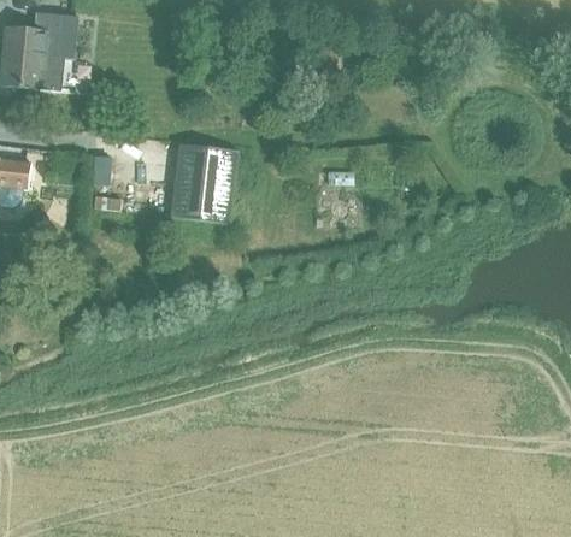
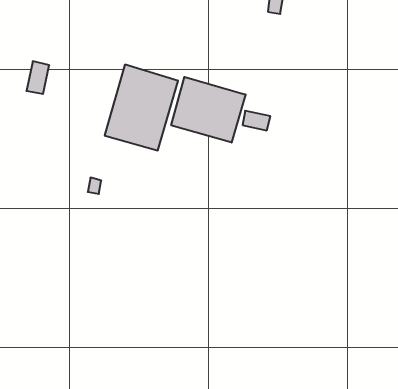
building: none -> [171,77,246,143]

